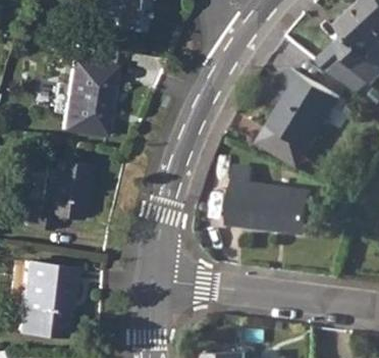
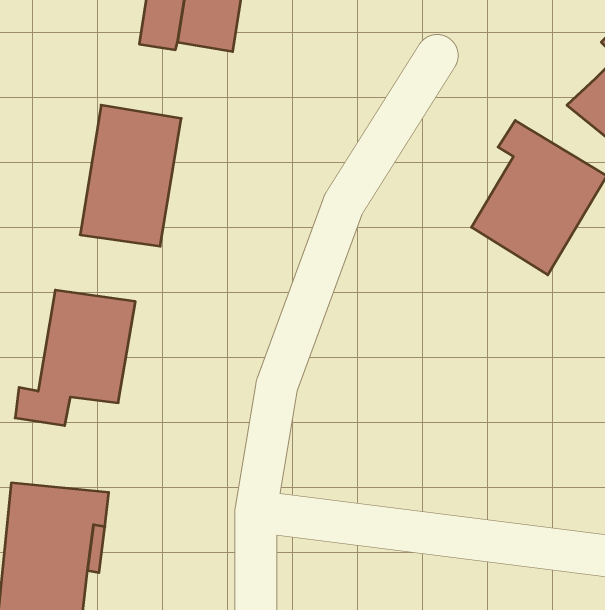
building: [260,124,310,166] -> none
building: [228,165,312,234] -> none

